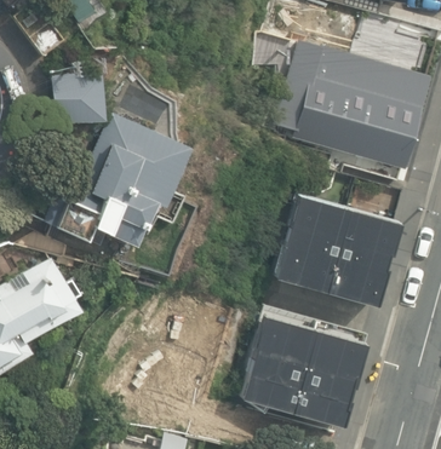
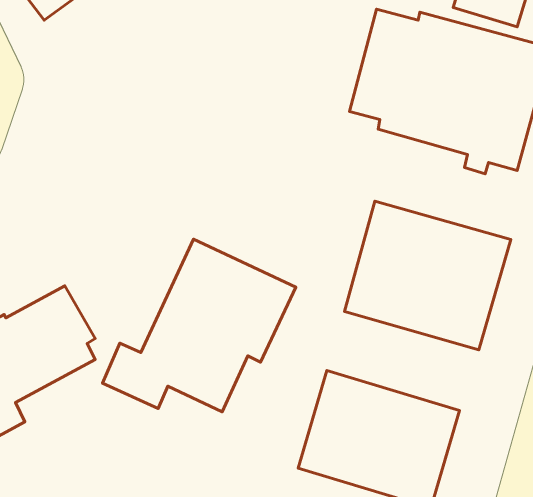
building: [56,71,105,121] -> none
building: [46,111,193,242] -> [102,239,296,412]

